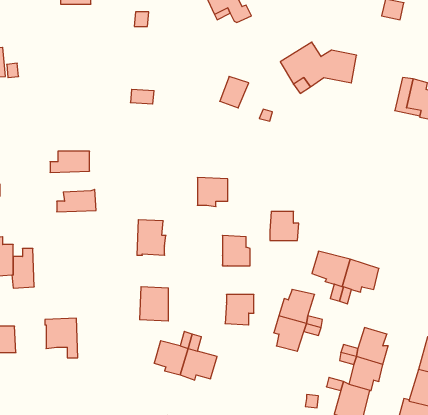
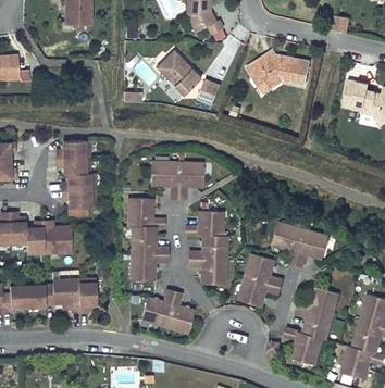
building: none -> [156,50,201,96]
building: none -> [57,158,90,176]
building: none -> [151,162,178,186]
building: none -> [62,190,96,217]
building: [270,211,299,240] -> [202,236,226,260]
building: none -> [42,221,71,253]
building: none -> [132,226,156,254]
building: none -> [78,278,96,312]
building: none -> [27,285,53,308]

